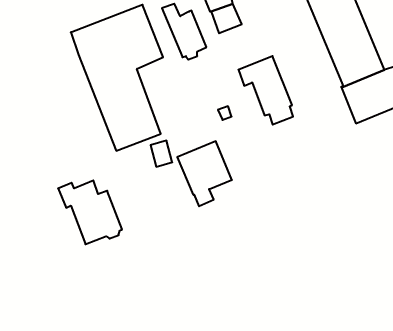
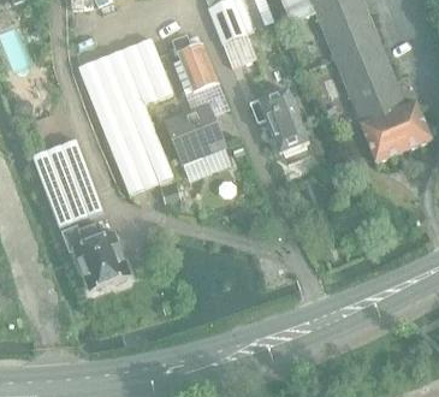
building: none -> [34,138,103,226]
building: [177,141,232,206] -> [167,105,225,173]

